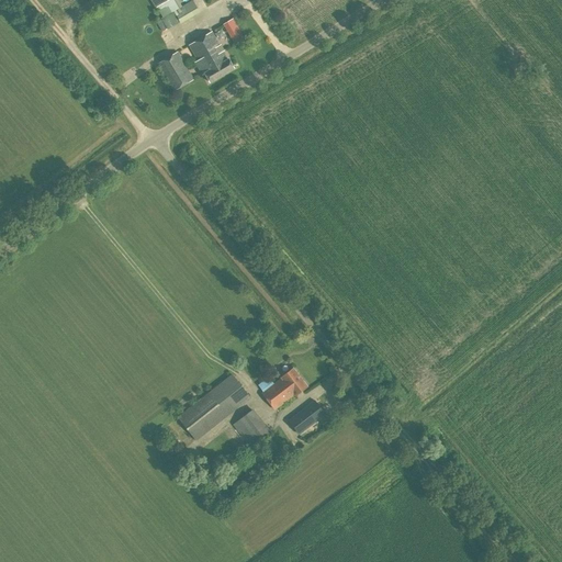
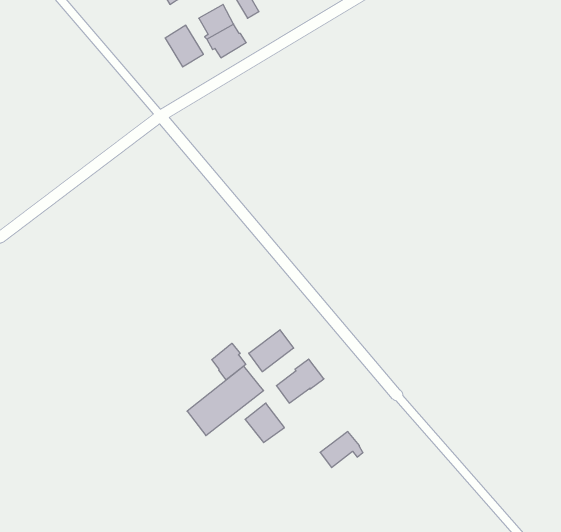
building: none -> [249,330,294,372]
building: none -> [212,343,246,380]
building: [288,400,328,434] -> [320,432,363,468]

